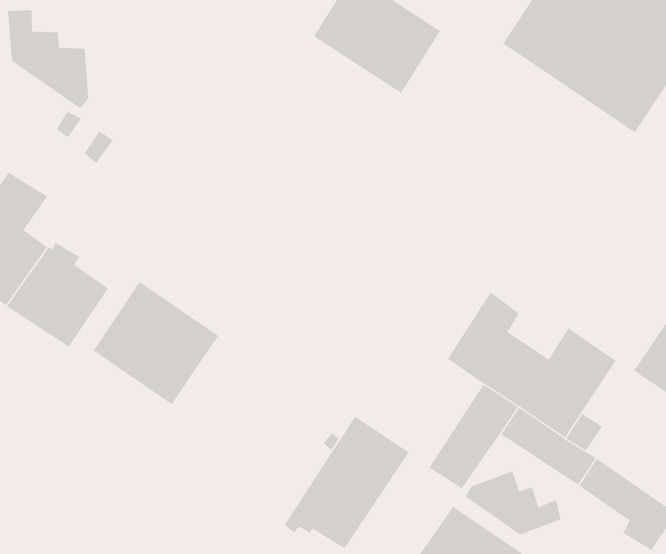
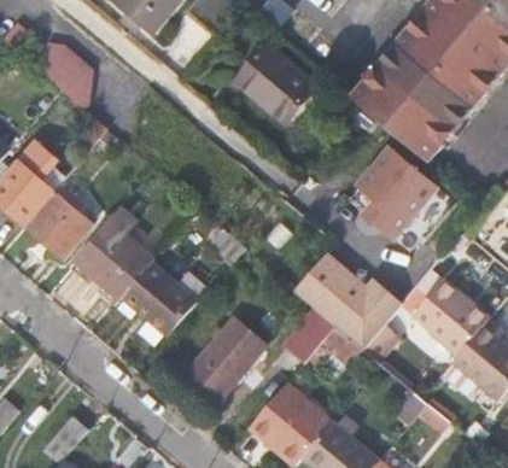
building: none -> [346,151,428,235]
building: none -> [123,263,200,338]
building: [465,470,561,535] -> none

